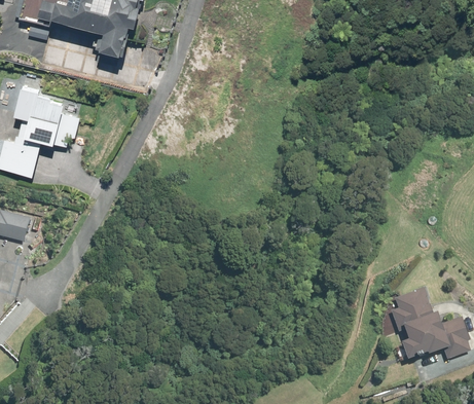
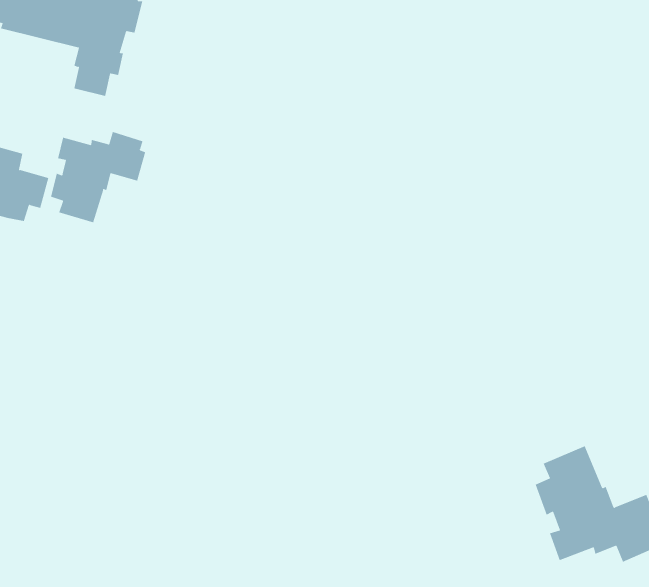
building: none -> [50,131,146,223]

